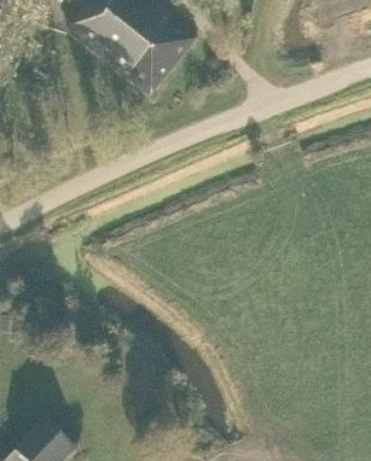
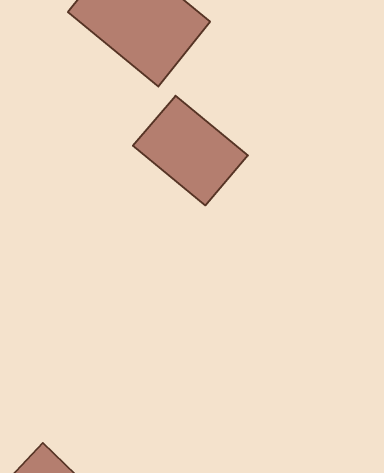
building: none -> [133,96,248,205]

